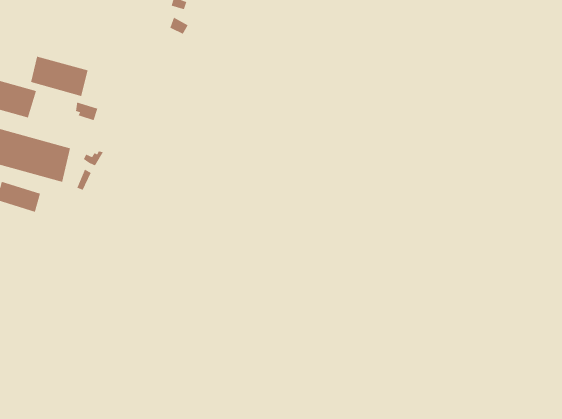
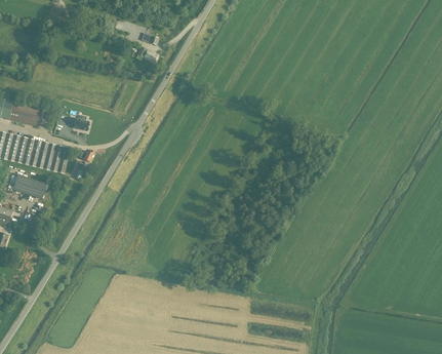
building: [30,56,88,97] -> none

